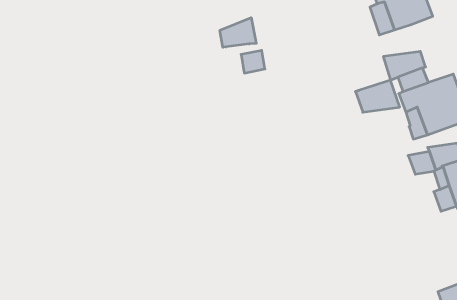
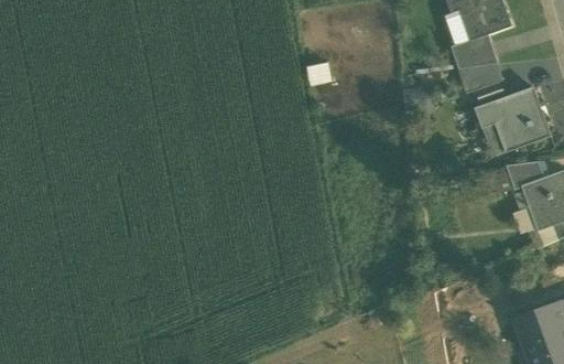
building: [220,18,256,47] -> none
building: [355,80,400,112] -> [451,32,498,66]

